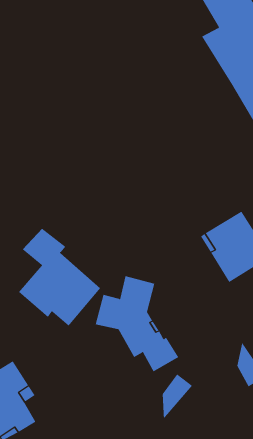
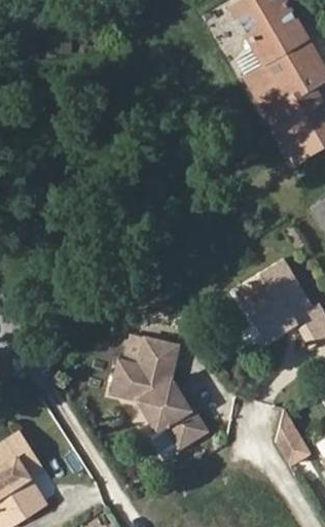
building: [18,228,101,327] -> none
building: [162,373,193,419] -> none

